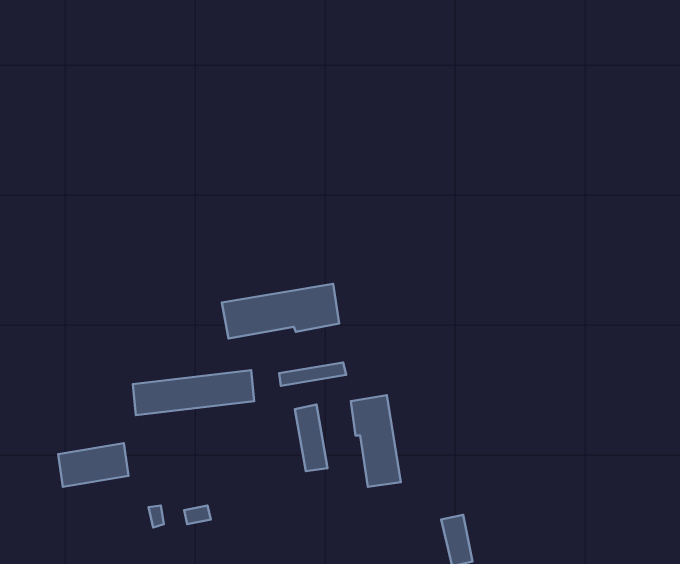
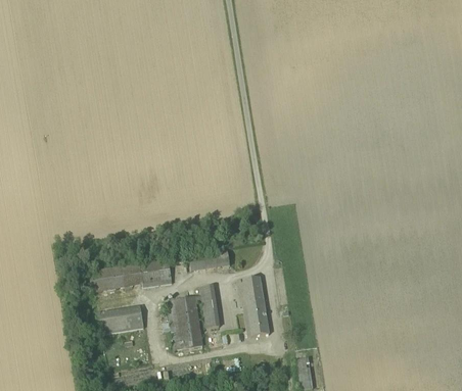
building: [222,284,339,338] -> none
building: none -> [167,295,203,348]
building: [58,443,128,487] -> [97,305,143,334]

